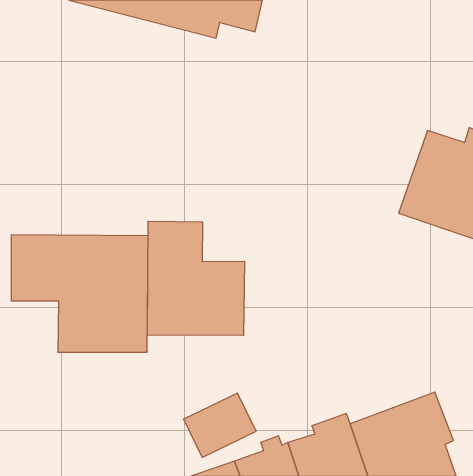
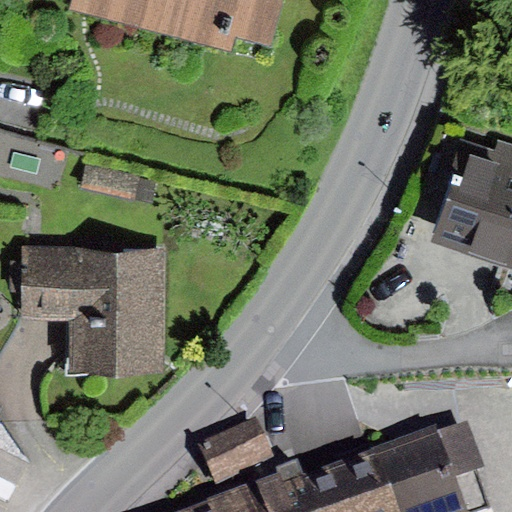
building: [147,221,244,336] -> none

